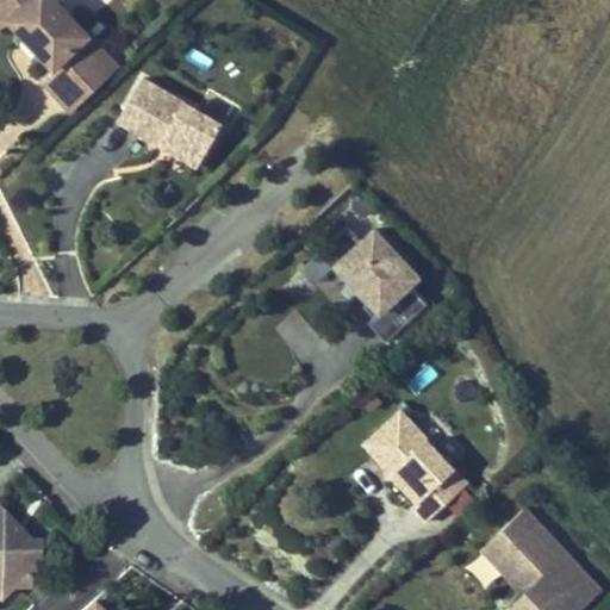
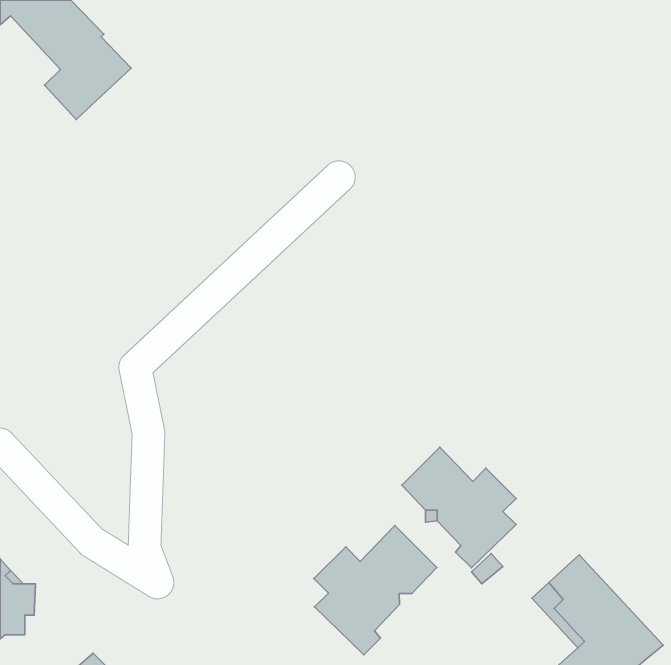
building: [117,77,223,164] -> none
building: [317,225,428,346] -> none
building: none -> [314,525,437,655]

